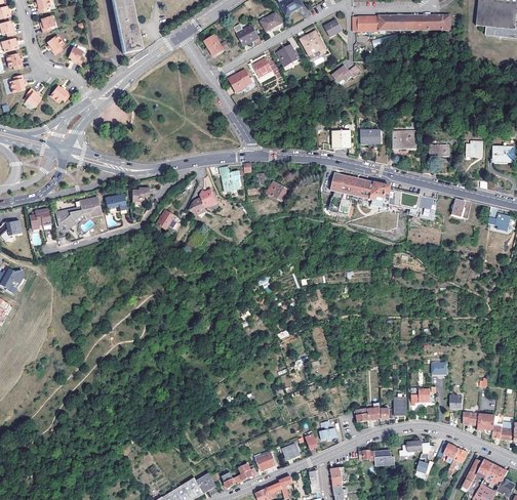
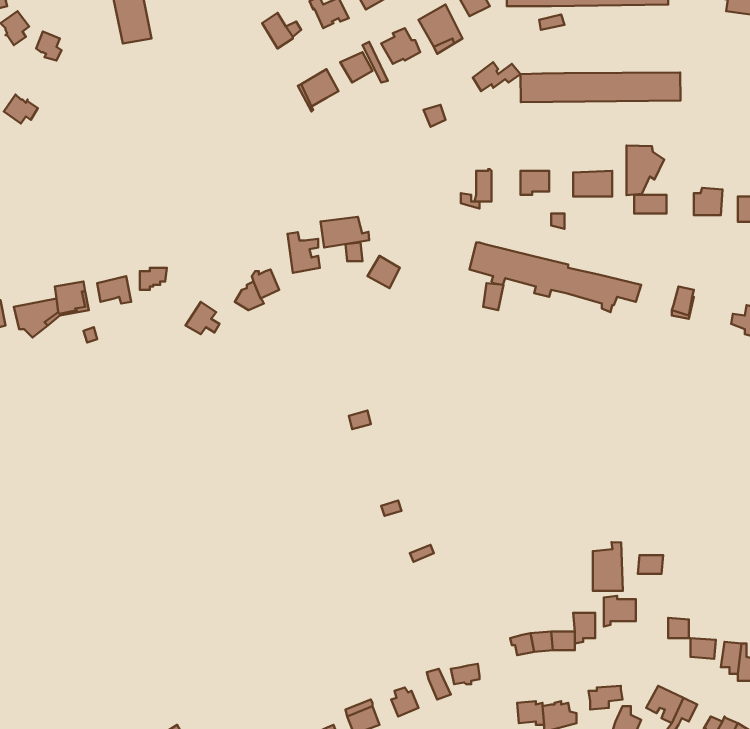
building: none -> [520,72,681,102]
building: none -> [626,145,664,195]
building: none -> [321,217,369,248]
building: none -> [593,542,623,591]

